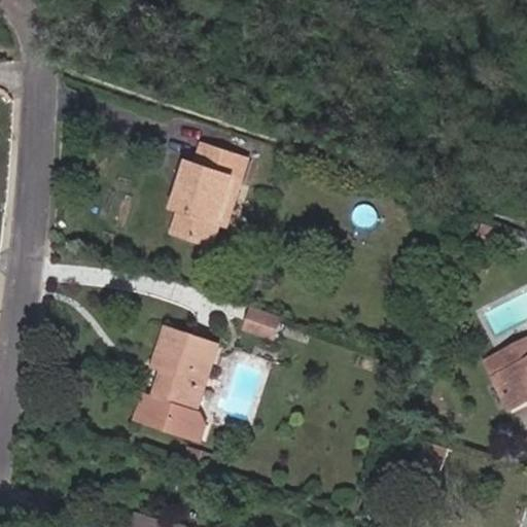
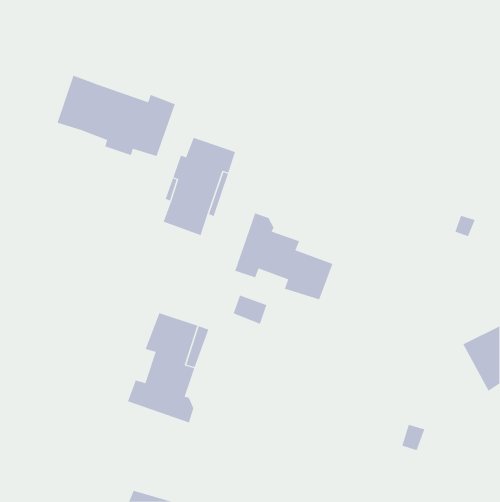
building: none -> [57,75,175,157]
building: none -> [234,213,333,300]

